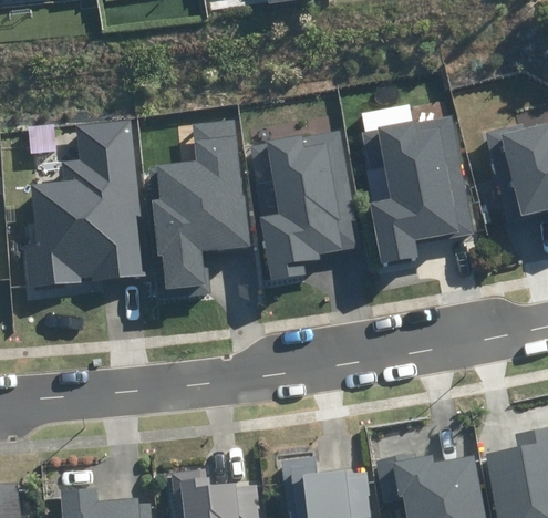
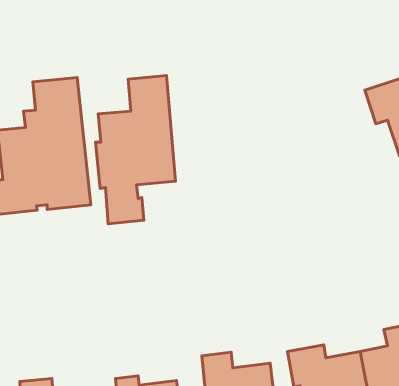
building: [360,115,473,265] -> none
building: [249,131,361,281] -> none

